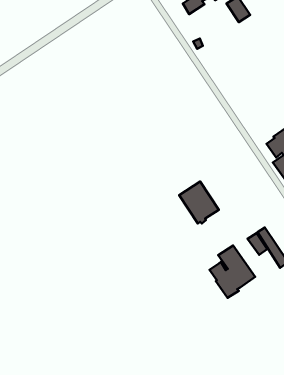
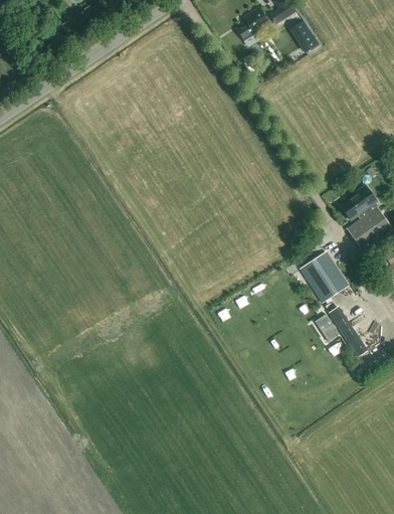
building: [179,181,219,224] -> [300,250,349,303]
building: [210,245,255,298] -> none

